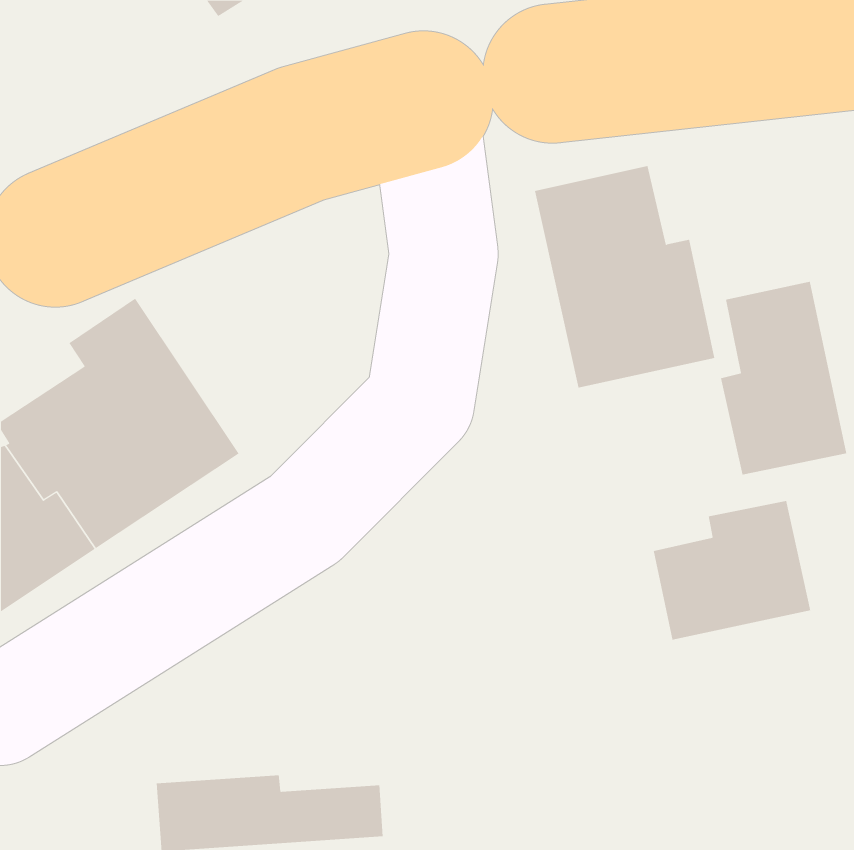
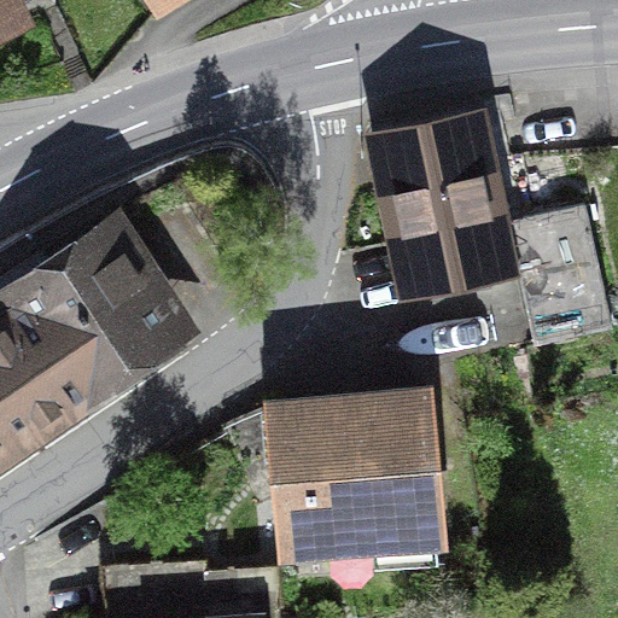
building: [653,500,811,640] -> none
building: none -> [276,392,438,578]

